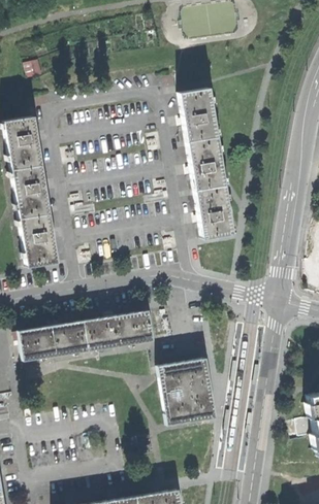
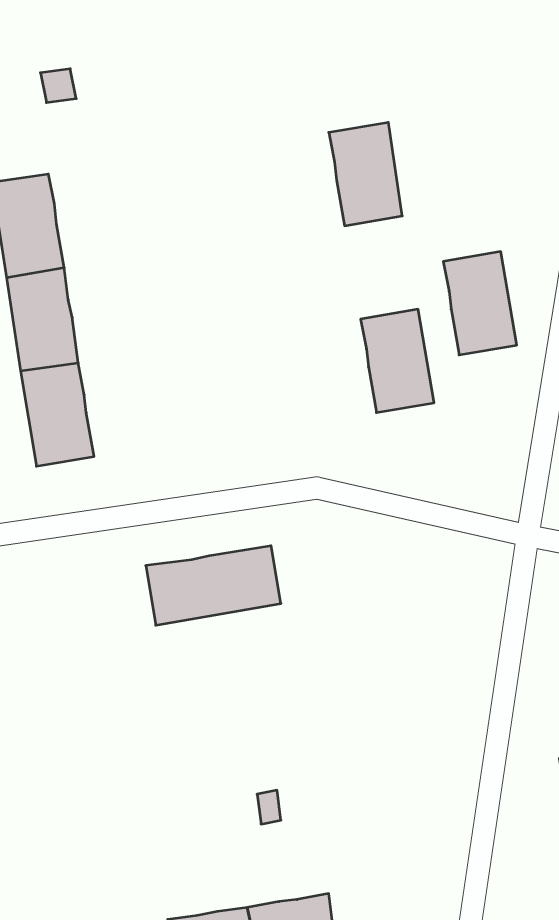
building: [187,137,225,191] -> [443,252,517,355]
building: [20,318,89,360] -> none
building: [158,357,216,425] -> none

